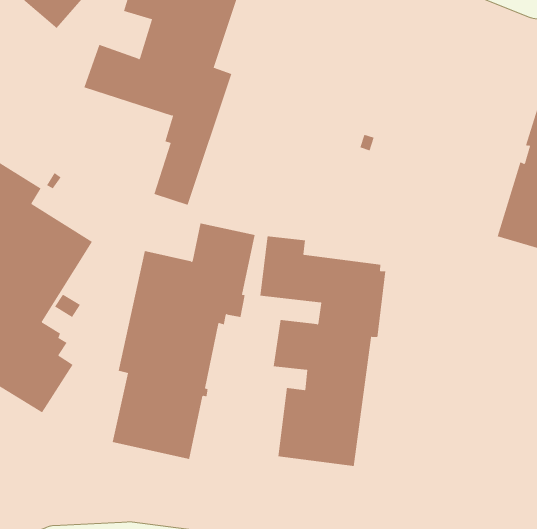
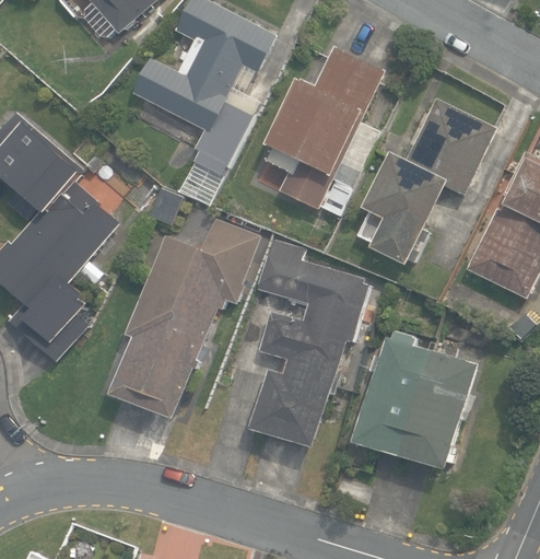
building: none -> [265,46,384,217]
building: none -> [363,97,495,266]
building: none -> [353,325,477,469]

